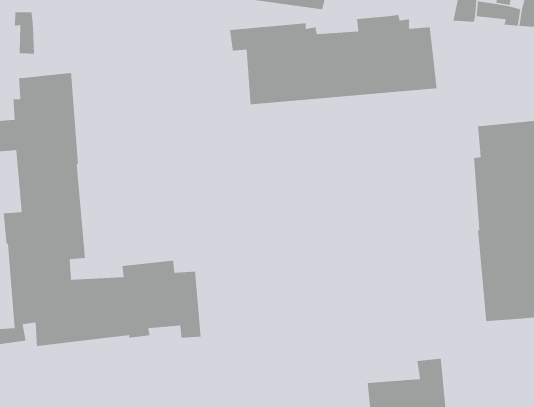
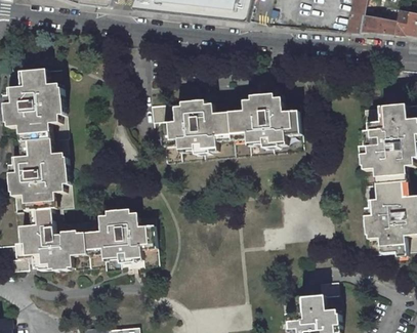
building: [14,11,35,54] -> none
building: [229,14,437,105] -> [149,95,303,163]

